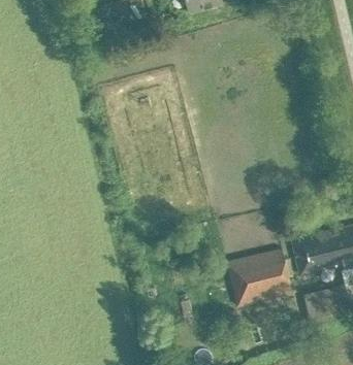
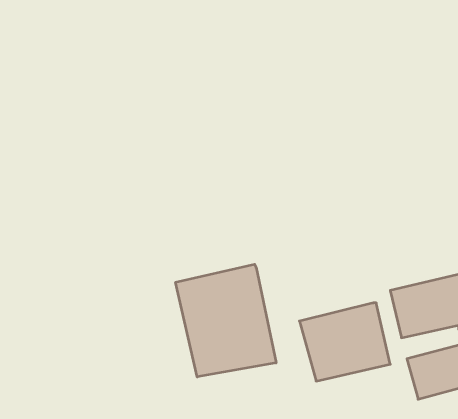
building: none -> [176,264,276,377]

